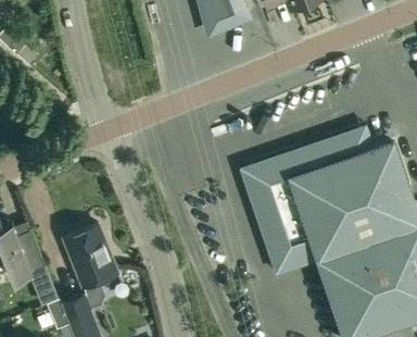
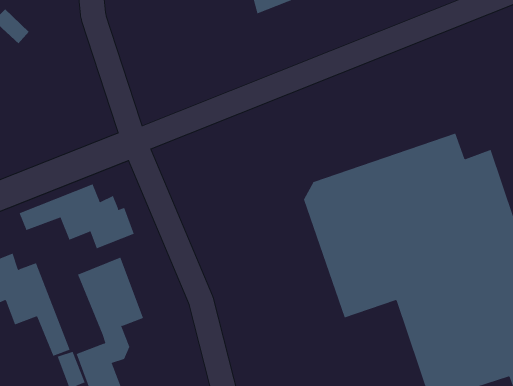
building: none -> [19,183,135,249]

